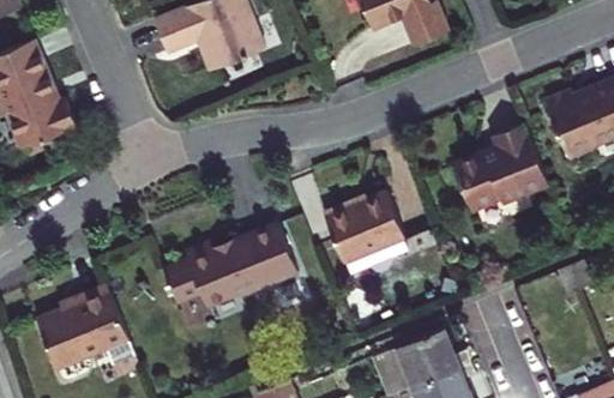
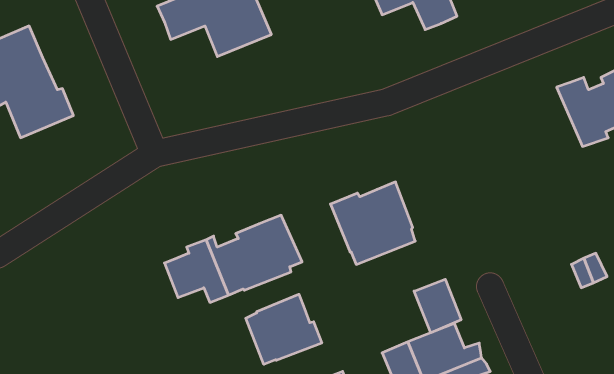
building: [451,122,548,212] -> none
building: [36,285,137,372] -> none
building: none -> [414,279,461,333]
building: none -> [246,294,322,364]

